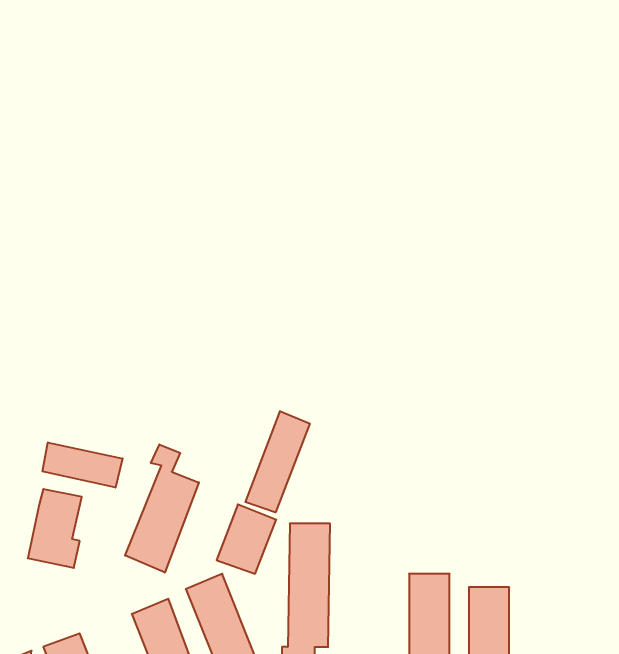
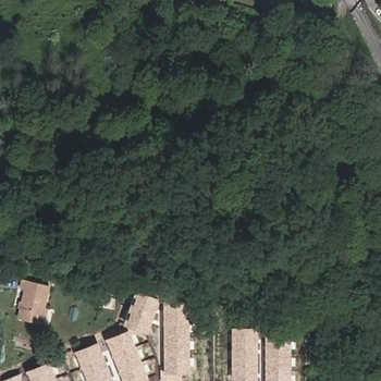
building: [245,411,310,512] -> none
building: [42,442,123,488] -> none
building: [125,444,199,573] -> none

